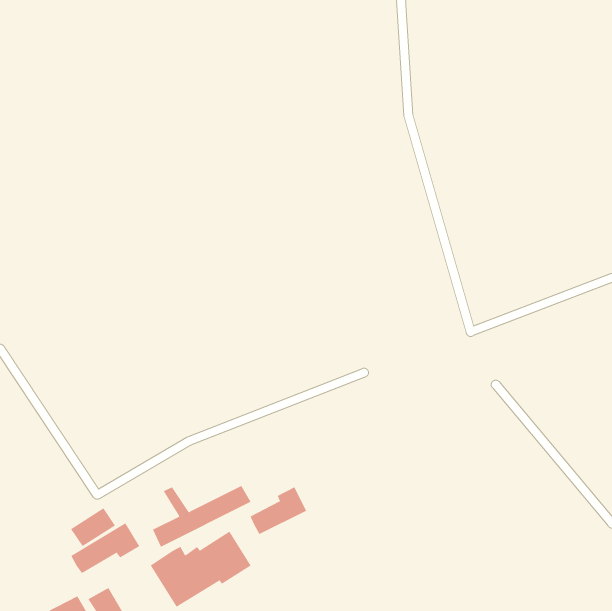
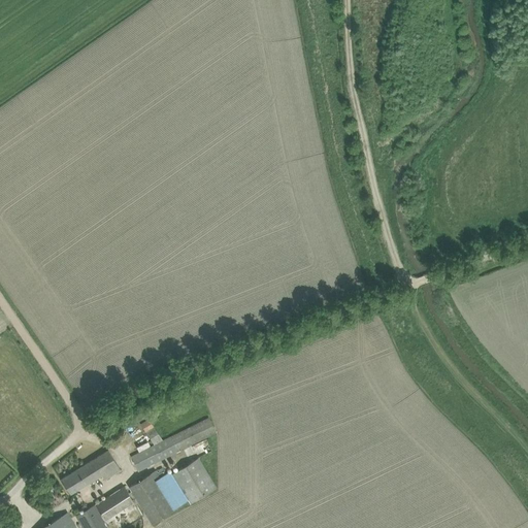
building: [250,487,307,535] -> none
building: [70,507,116,547] -> [95,487,134,521]

